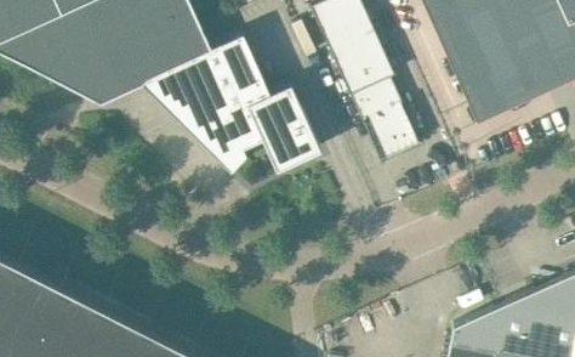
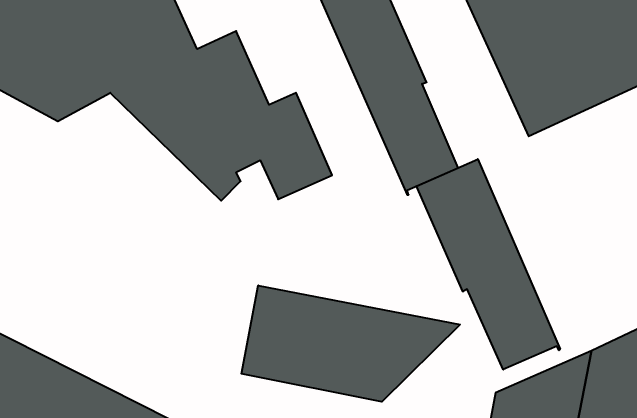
building: none -> [417,159,560,370]
building: none -> [241,285,460,402]

